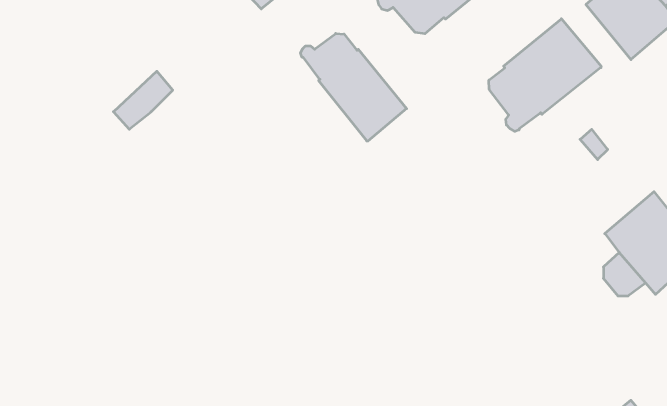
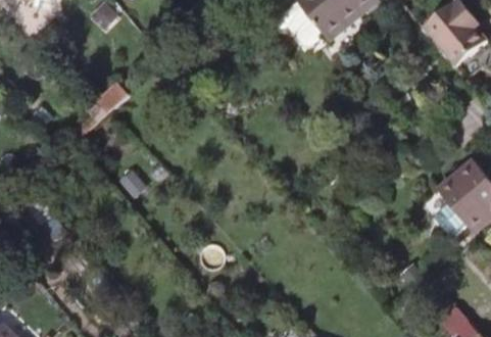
building: [489,19,601,131] -> none
building: [301,33,407,141] -> none

